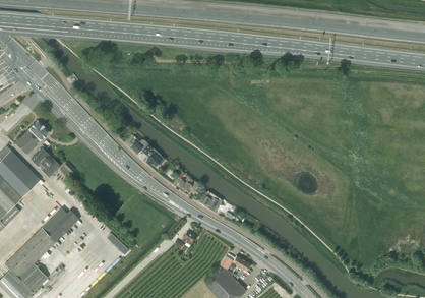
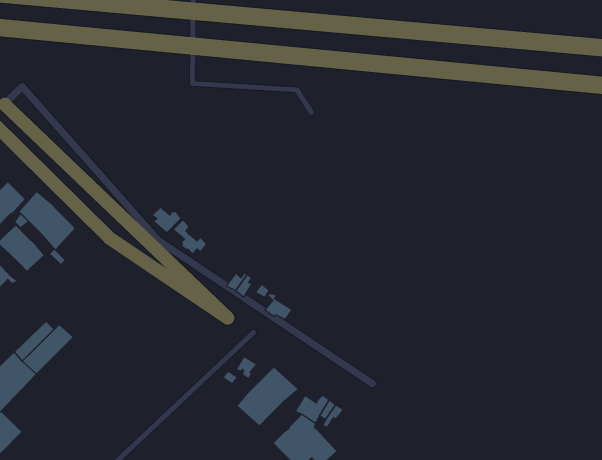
building: none -> [19,191,76,250]
building: none -> [237,367,298,426]

